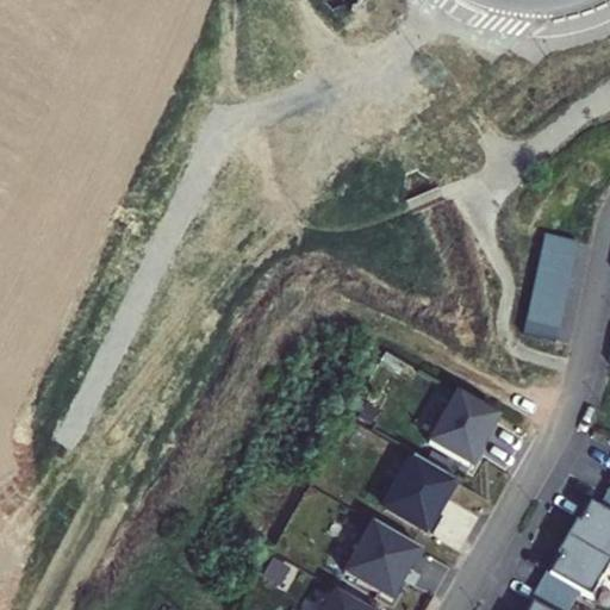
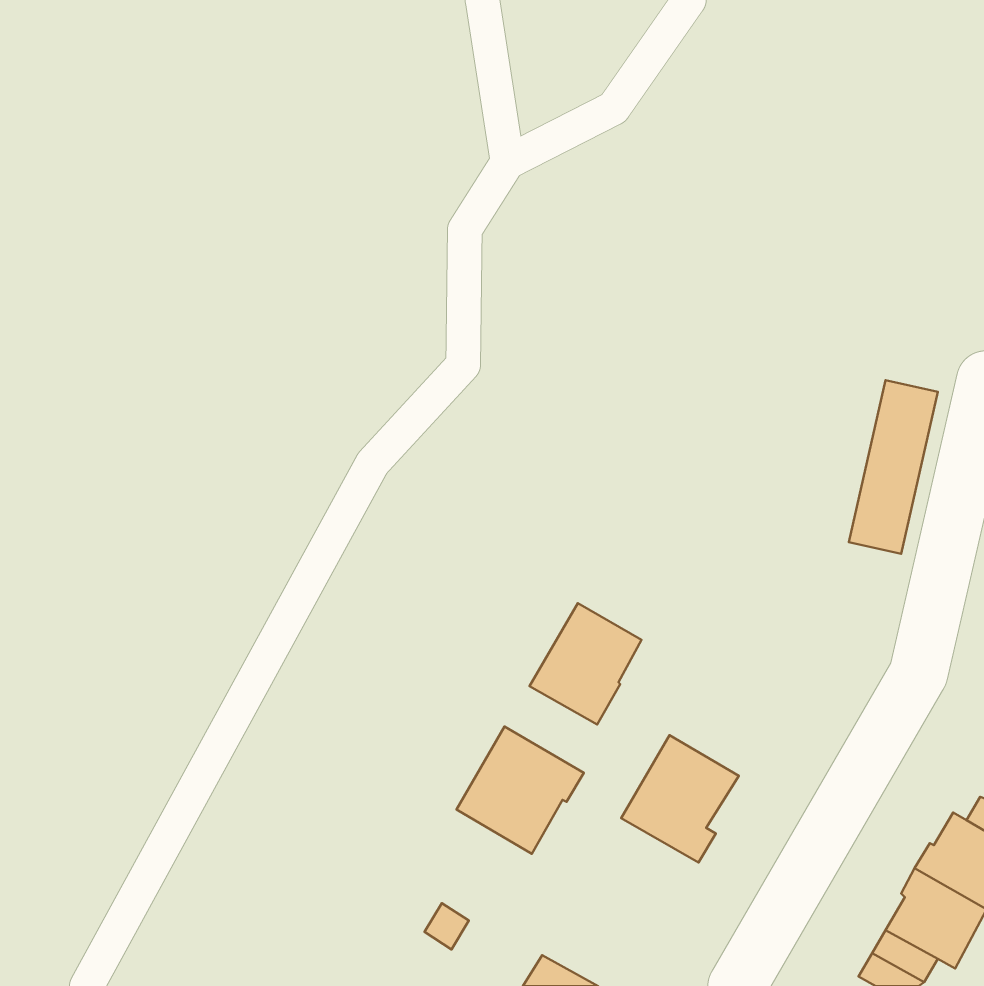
building: [429,391,498,466] -> [530,603,642,725]
building: [343,518,422,597] -> [456,727,584,854]

